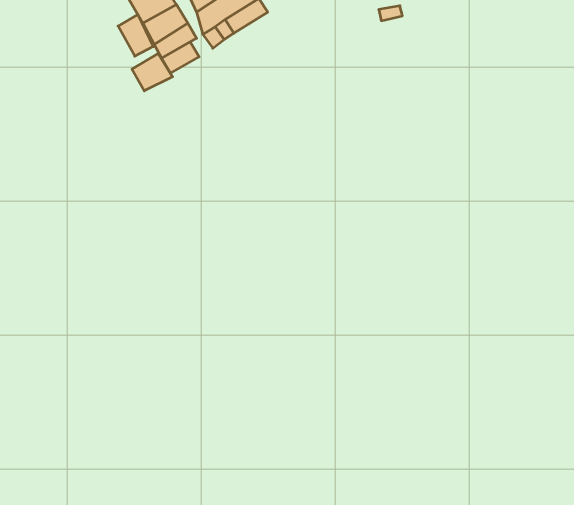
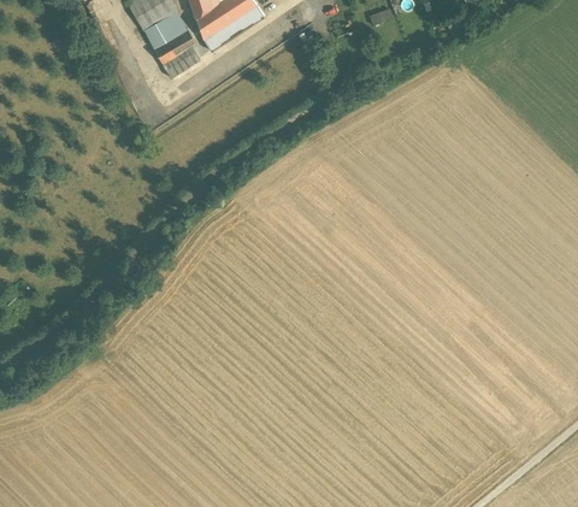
building: [118,15,153,56] -> none
building: [132,54,173,91] -> none

